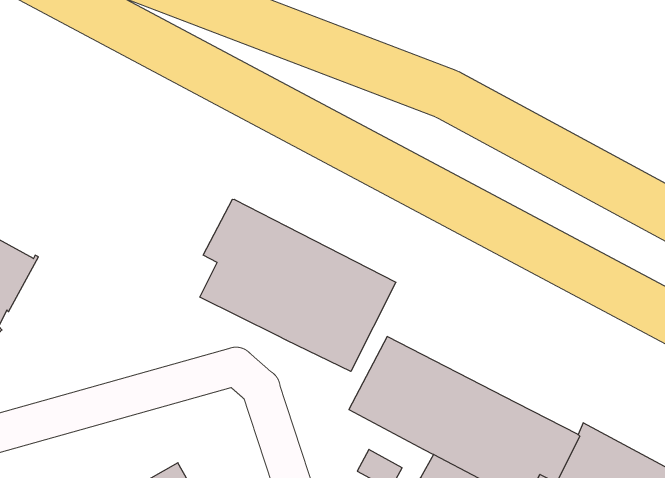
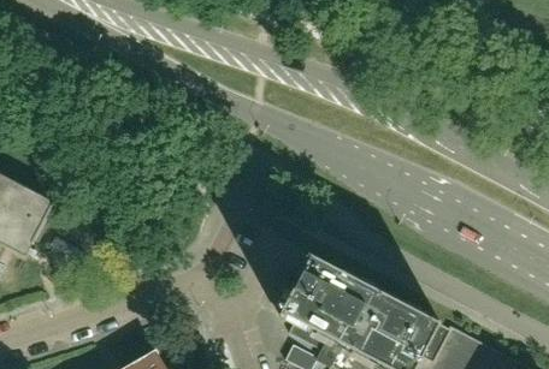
building: [200,199,396,371] -> none

